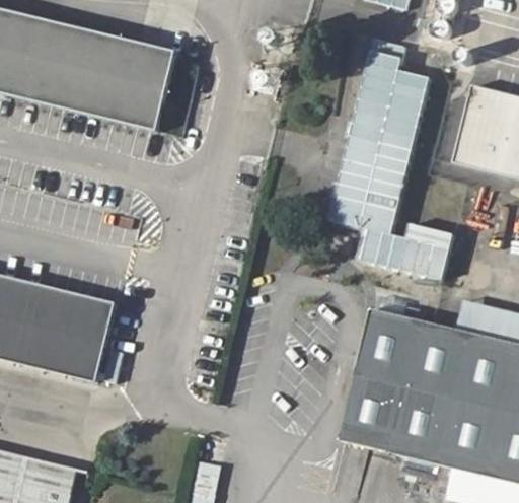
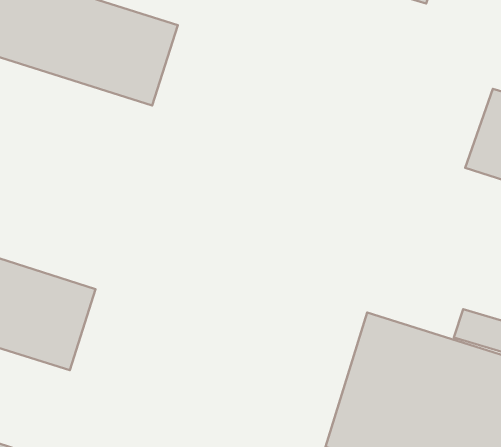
building: [328,61,434,275] -> none

